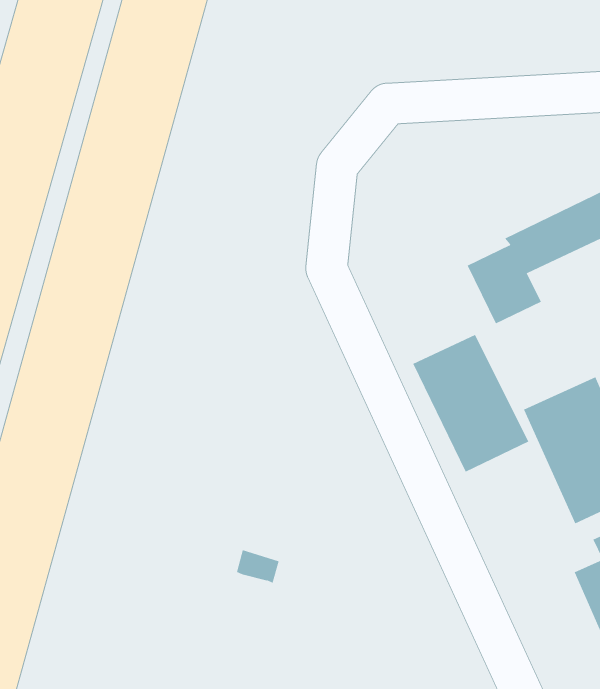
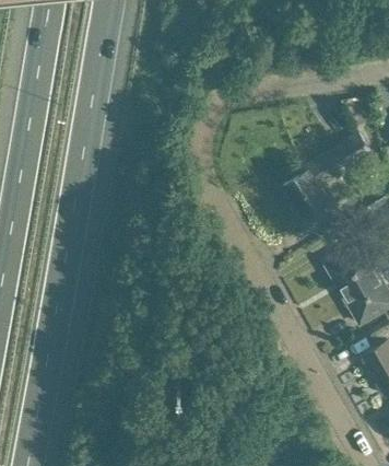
building: [412,334,529,473] -> none

